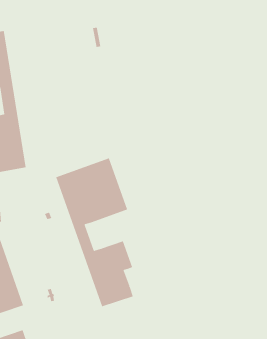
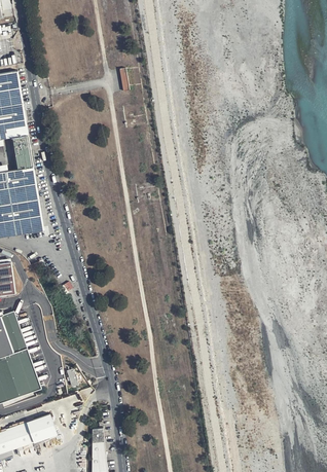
building: [55,157,134,307] -> none

